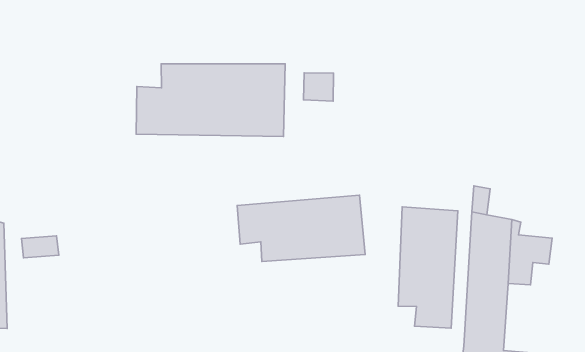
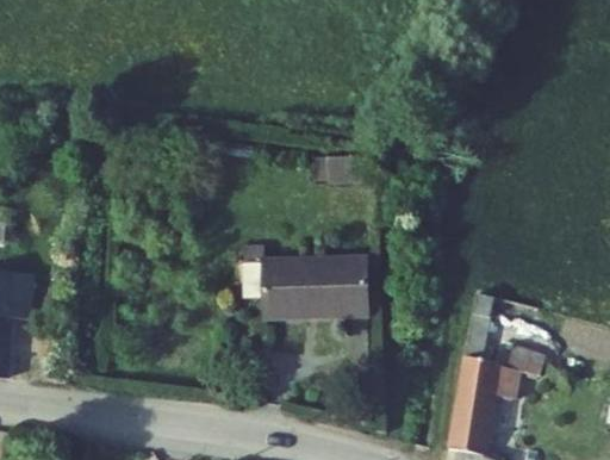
building: [136,64,285,136] -> none
building: [398,207,458,328] -> none

